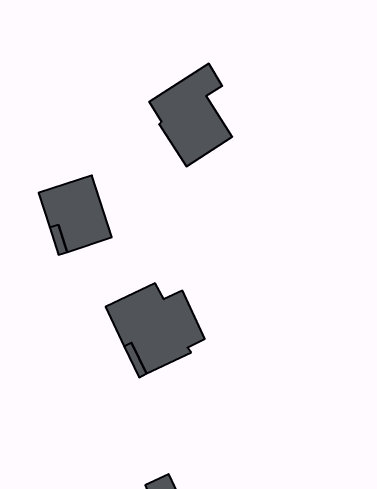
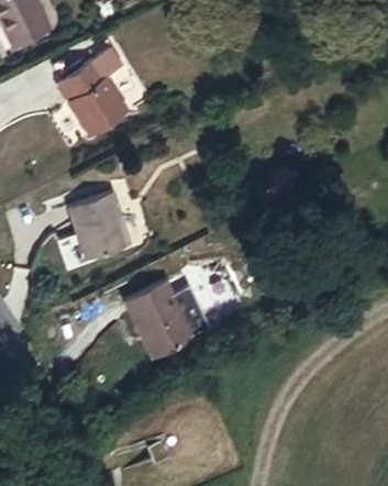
building: [149,64,232,166] -> [51,49,124,141]

